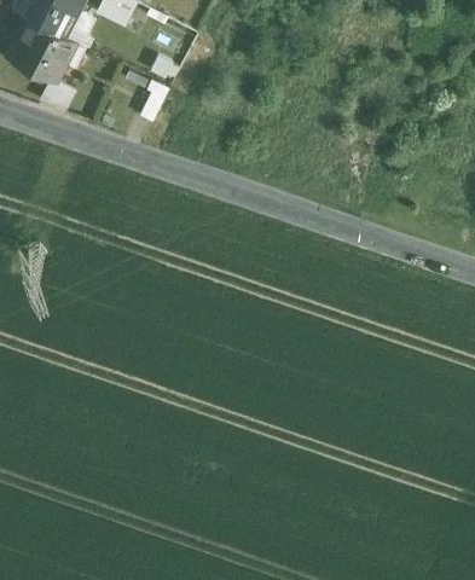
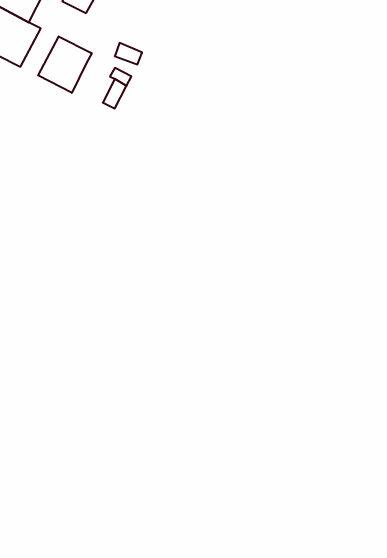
building: none -> [38,36,92,93]

